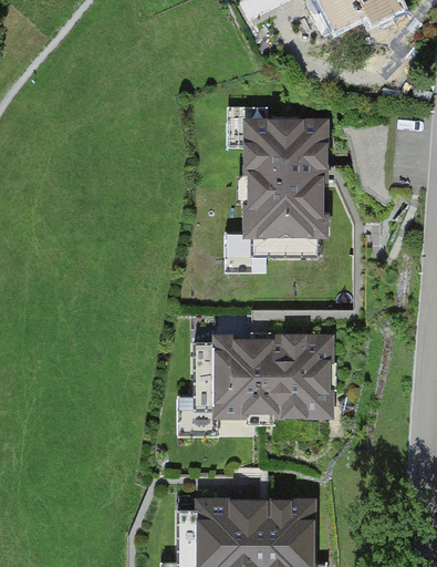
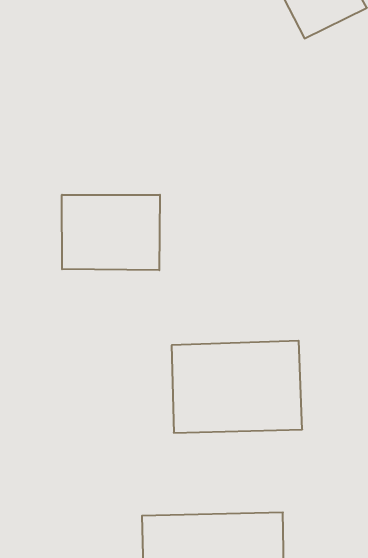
building: [239,124,326,252] -> none
building: none -> [62,195,160,270]

